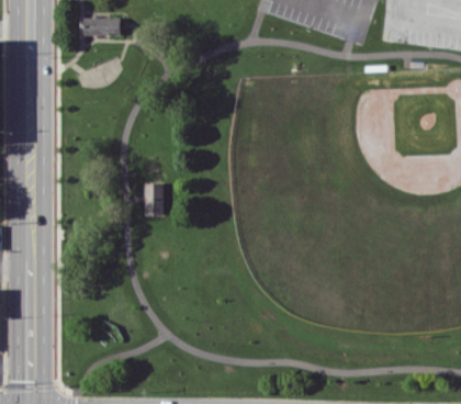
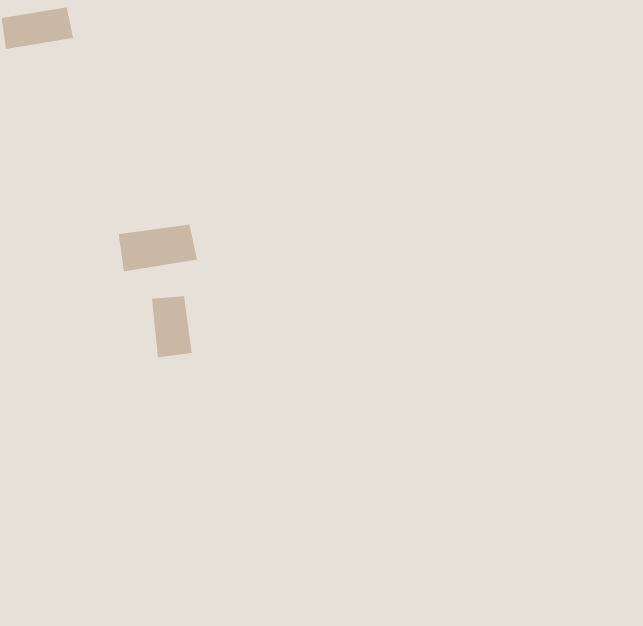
building: none -> [118,224,197,272]

